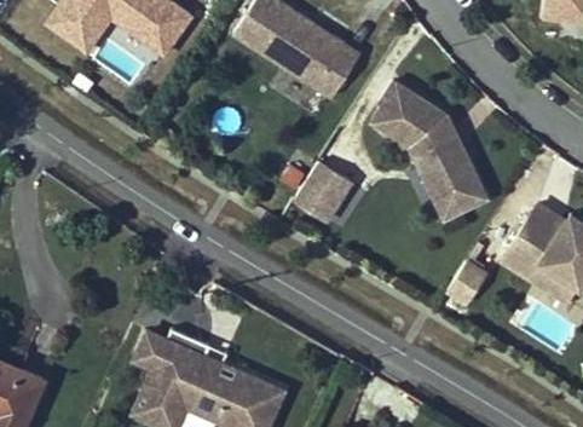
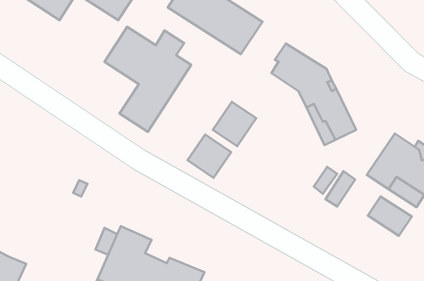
building: none -> [105,27,191,132]
building: none -> [187,135,231,178]
building: none -> [368,196,412,236]

